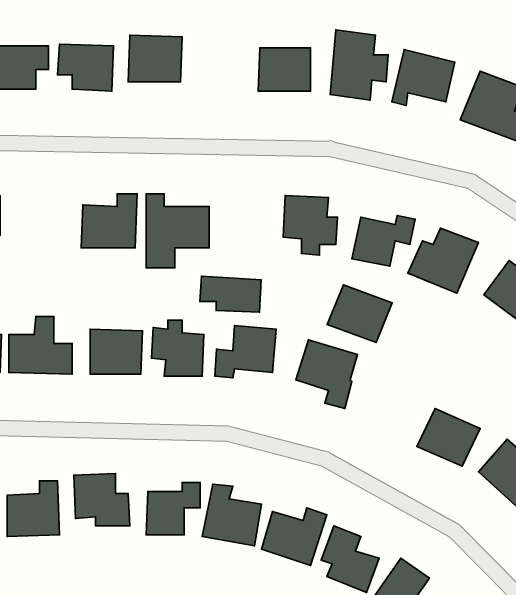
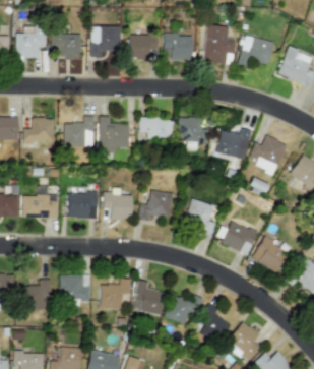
building: none -> [129,35,158,59]
building: none -> [24,117,54,142]
building: [200,276,261,312] -> [139,118,174,138]
building: [327,285,392,343] -> [222,221,258,253]

